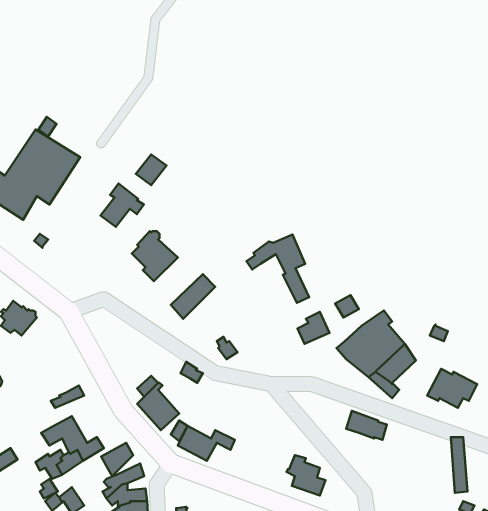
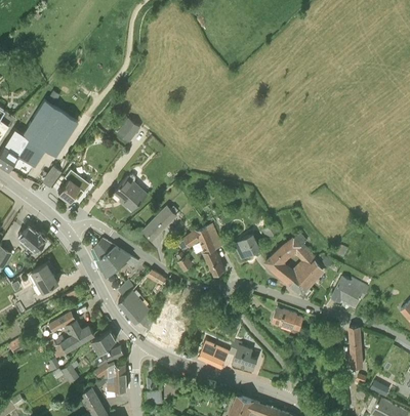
building: [101,184,144,227] -> [57,169,89,201]
building: [247,235,309,303] -> [178,224,224,275]
building: none -> [94,239,138,276]
building: none -> [29,265,58,294]
building: none -> [198,339,230,368]

